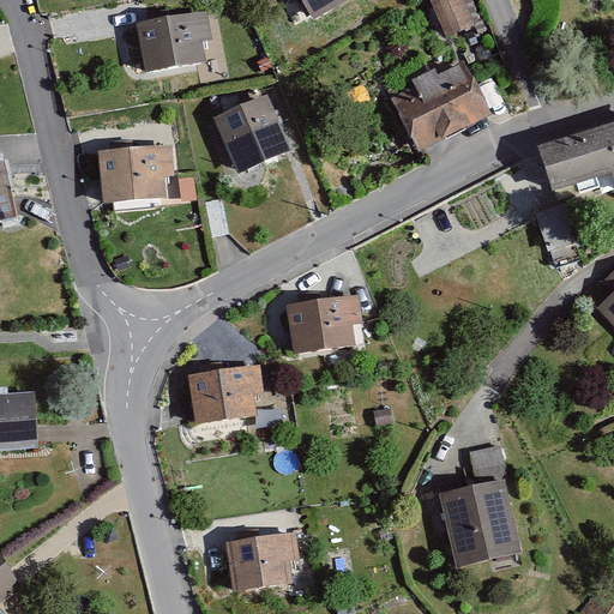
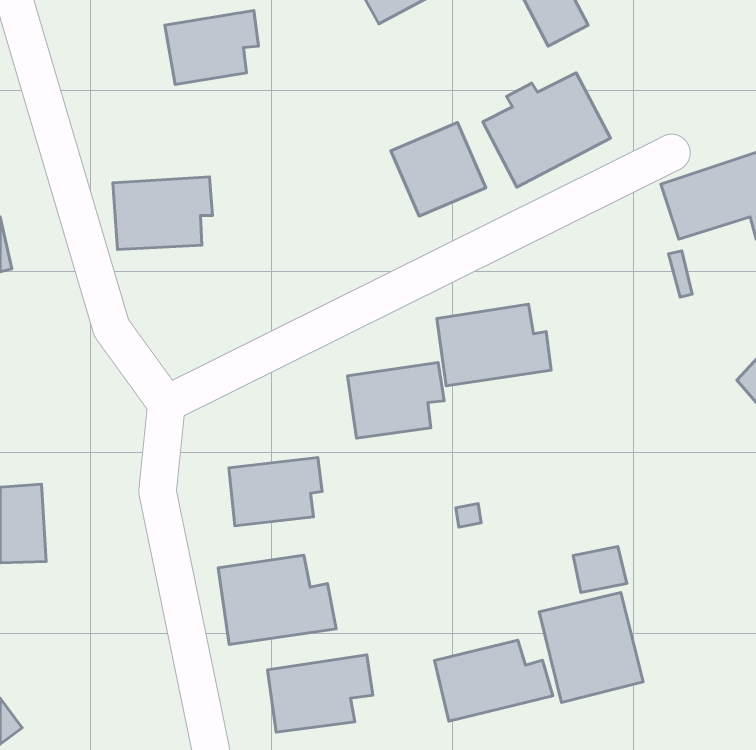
building: [211,97,288,173] -> [391,122,486,216]
building: none -> [437,304,551,386]
building: none -> [218,555,336,645]
building: none -> [435,640,553,721]

